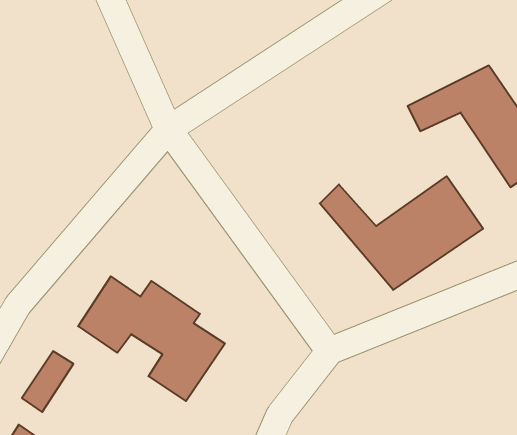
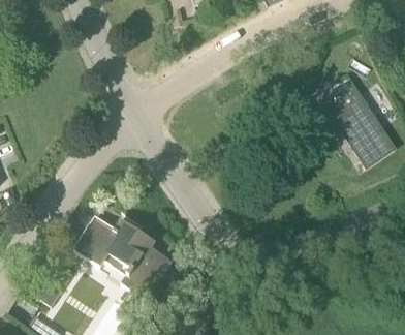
building: [320,176,483,290] -> none

